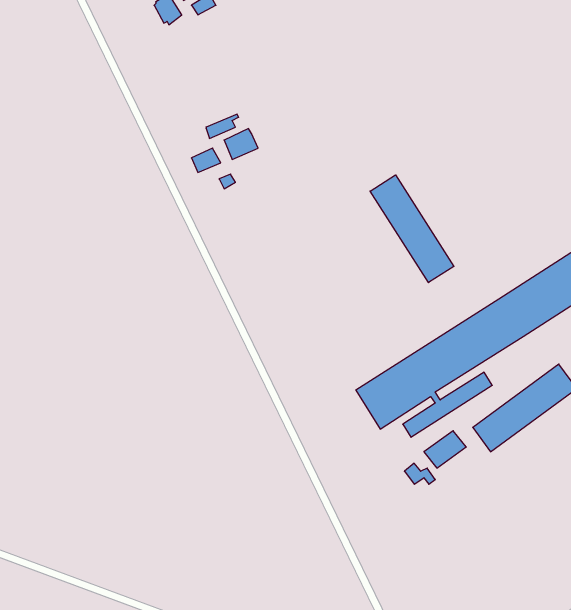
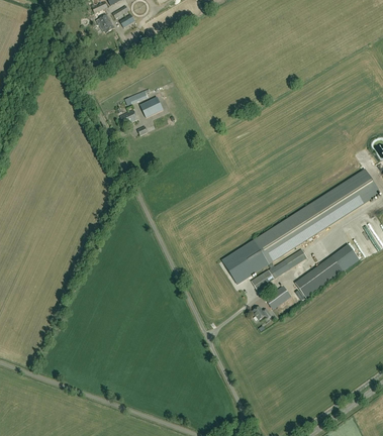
building: [370,175,454,283] -> none

